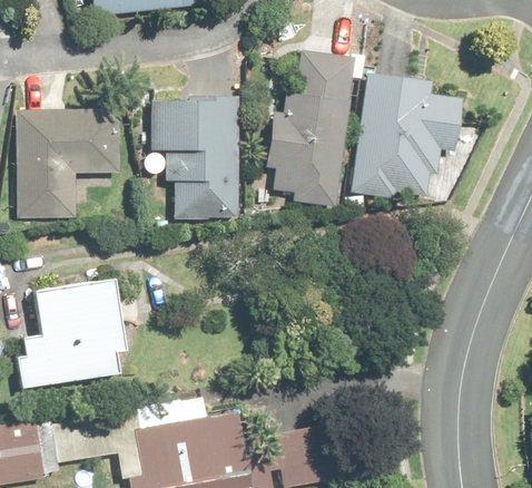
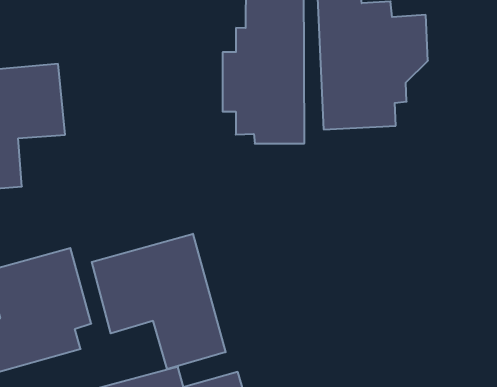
building: [150,95,237,218] -> none
building: none -> [92,234,226,369]

